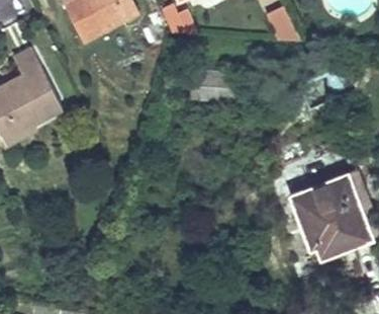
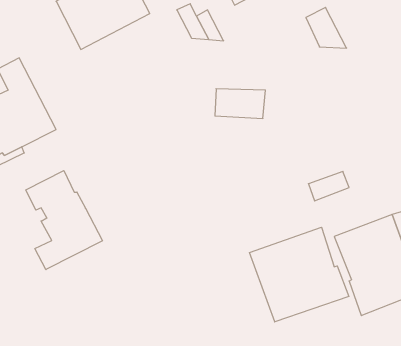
building: none -> [26,171,102,270]
building: none -> [249,227,349,322]

